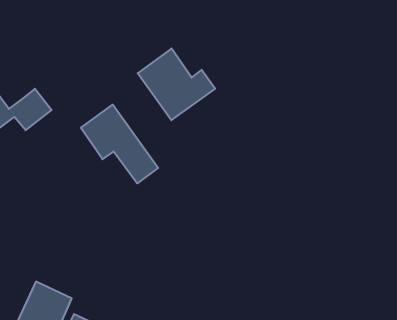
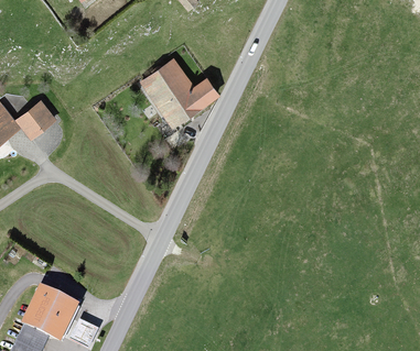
building: [81,105,158,183] -> none

